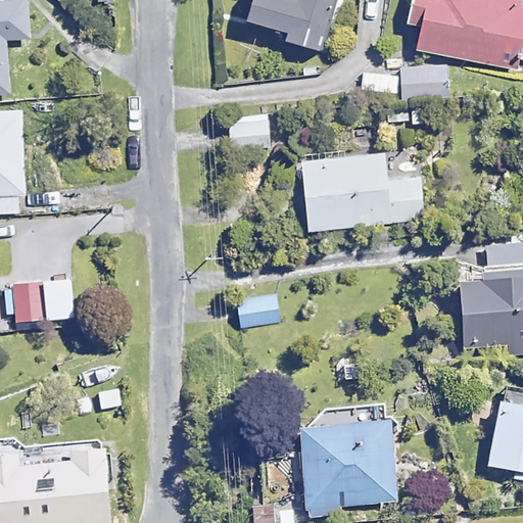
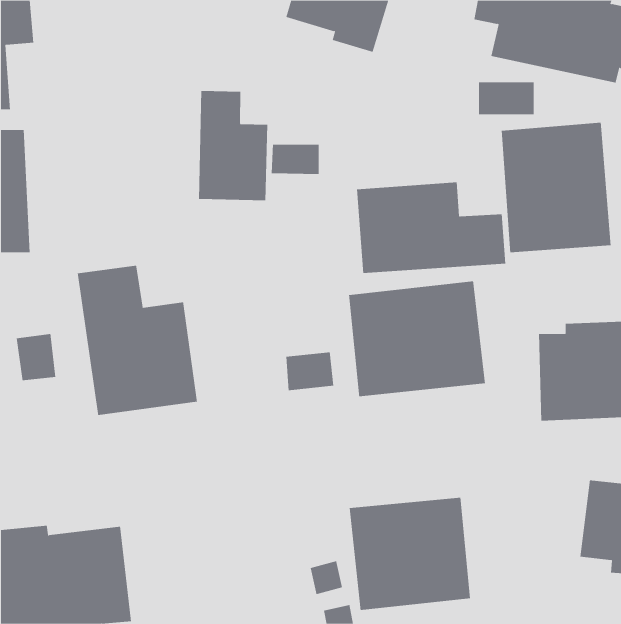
building: none -> [199,90,268,201]
building: none -> [501,122,611,253]
building: none -> [77,265,198,416]
building: none -> [348,280,486,397]

